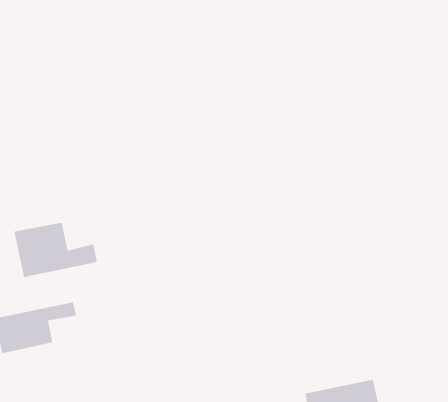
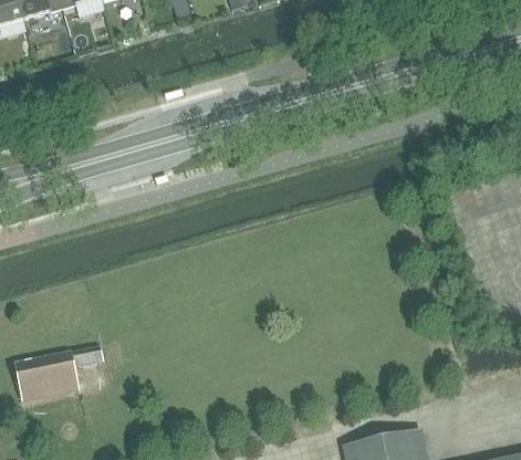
building: [13,222,98,278] -> none

